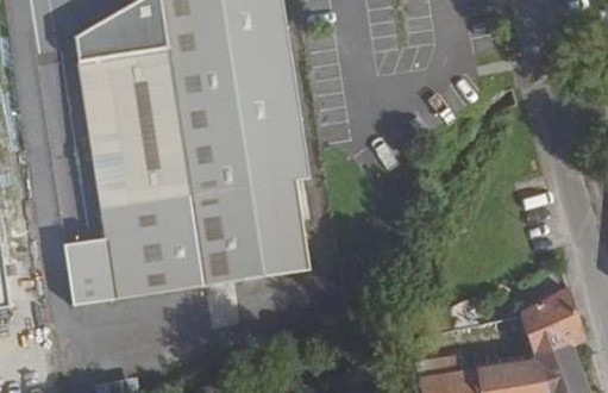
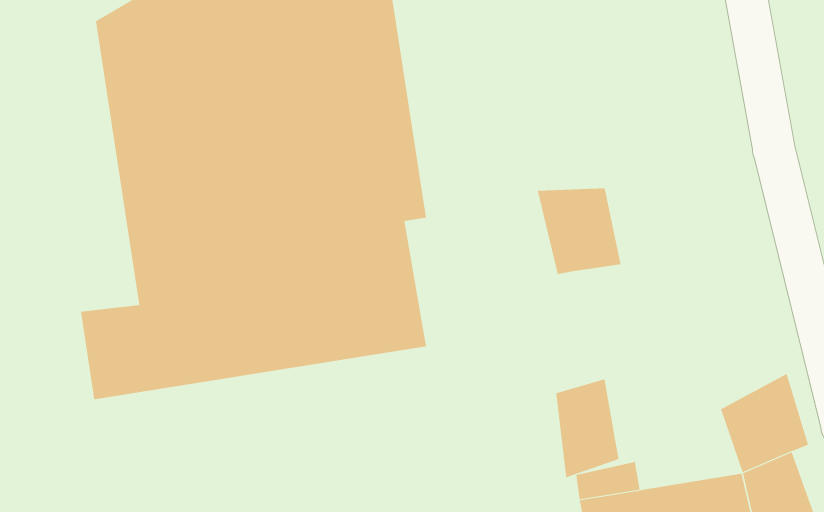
building: none -> [537,188,621,275]
building: none -> [556,378,619,478]

